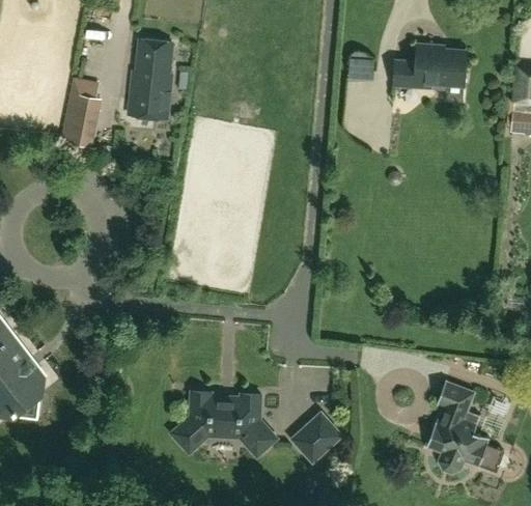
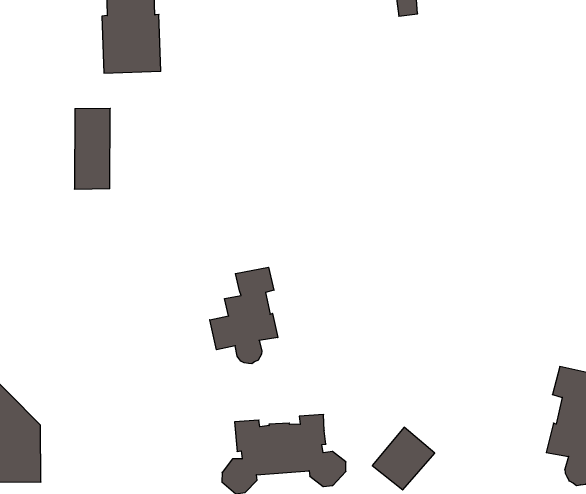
building: [64,81,100,145] -> [74,108,110,189]
building: none -> [210,267,278,364]

